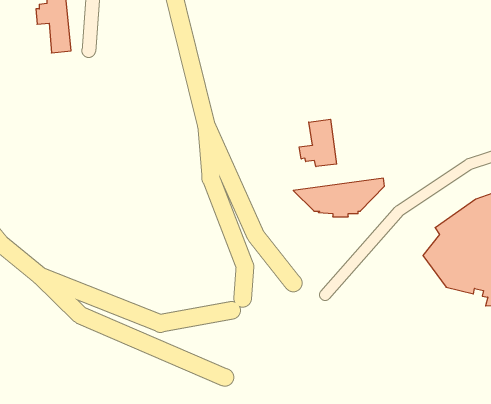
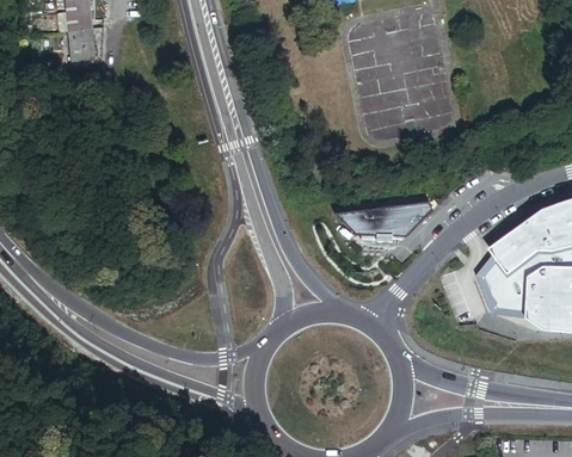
building: [299,119,337,167] -> none

